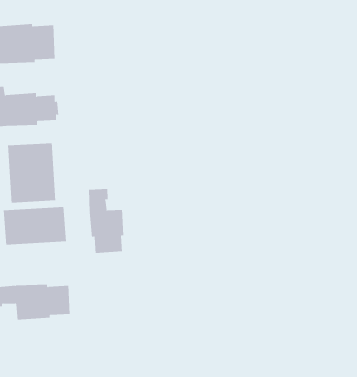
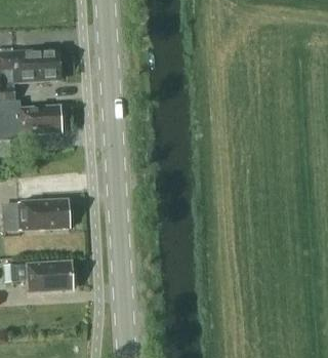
building: [8,142,56,203] -> none
building: [89,188,124,254] -> none

